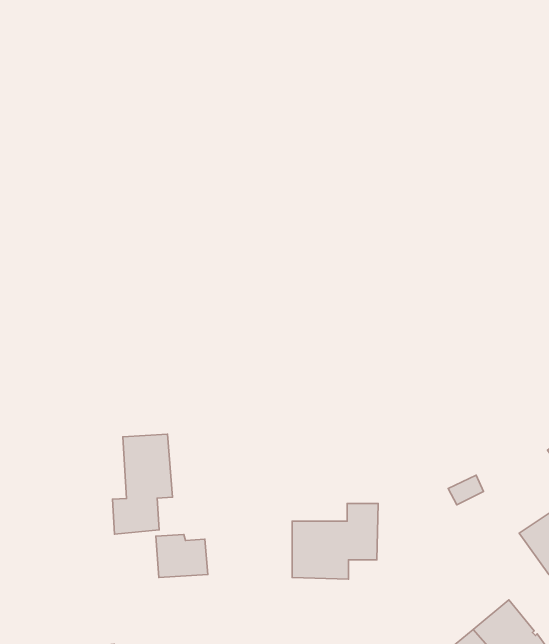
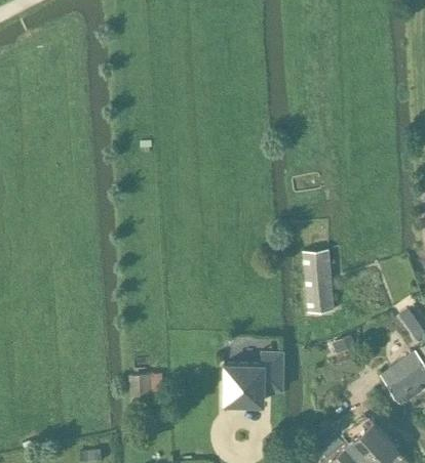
building: none -> [304,249,334,311]
building: [112,434,172,534] -> none

